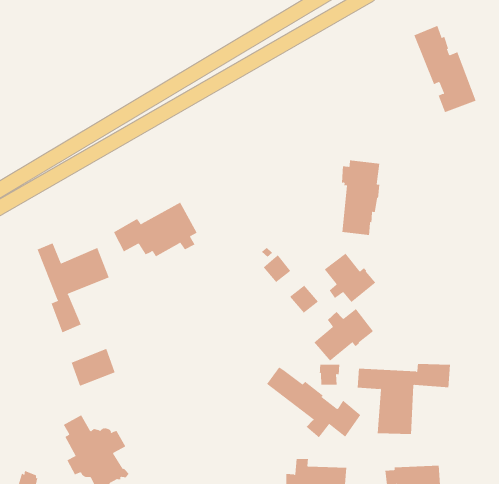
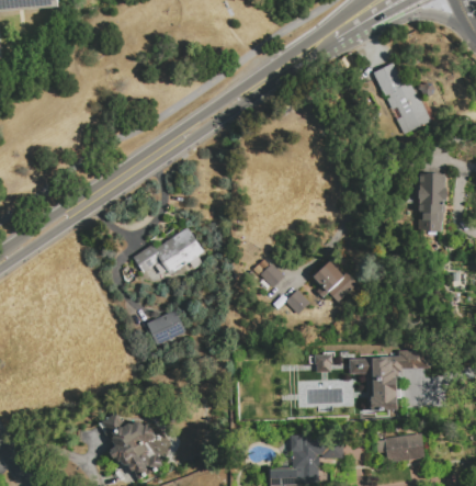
building: [341,160,380,236] -> [415,171,447,234]
building: [37,242,109,333] -> none
building: [314,308,374,361] -> none
building: [71,348,116,387] -> [145,308,183,342]

